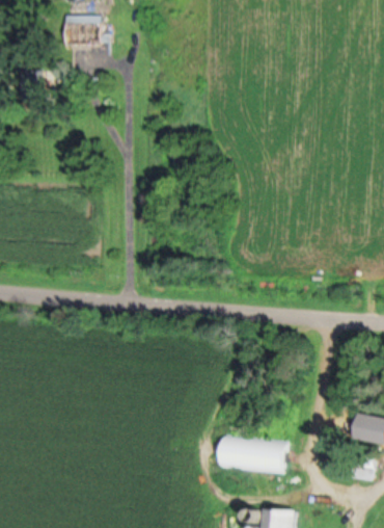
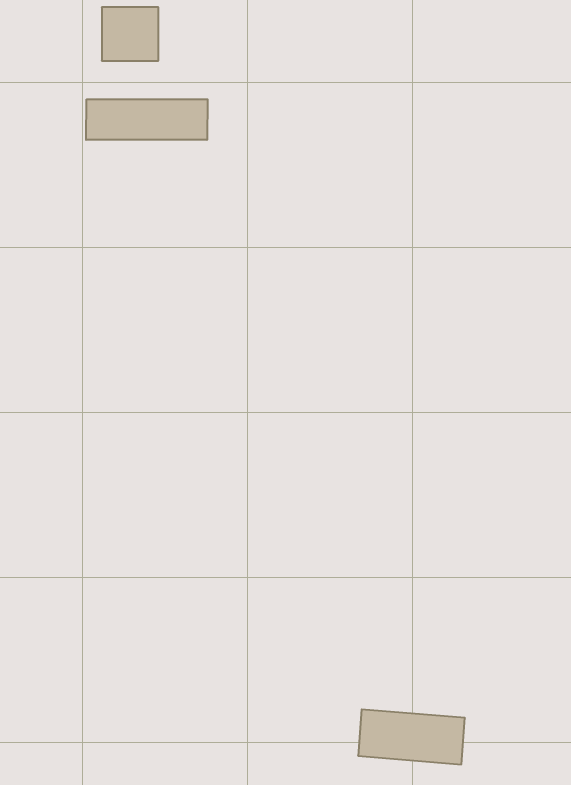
building: none -> [86,99,208,140]

